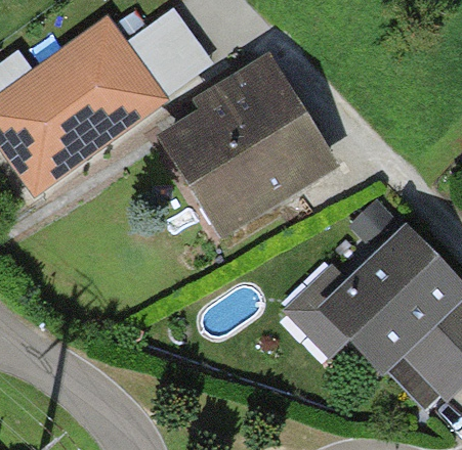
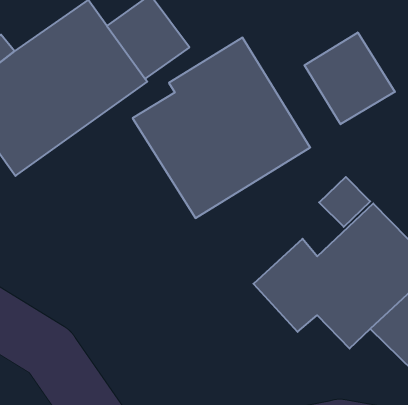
building: none -> [304,32,395,124]

